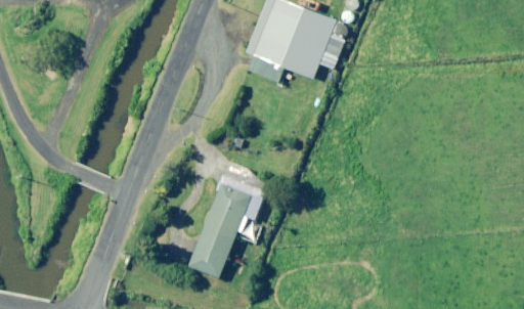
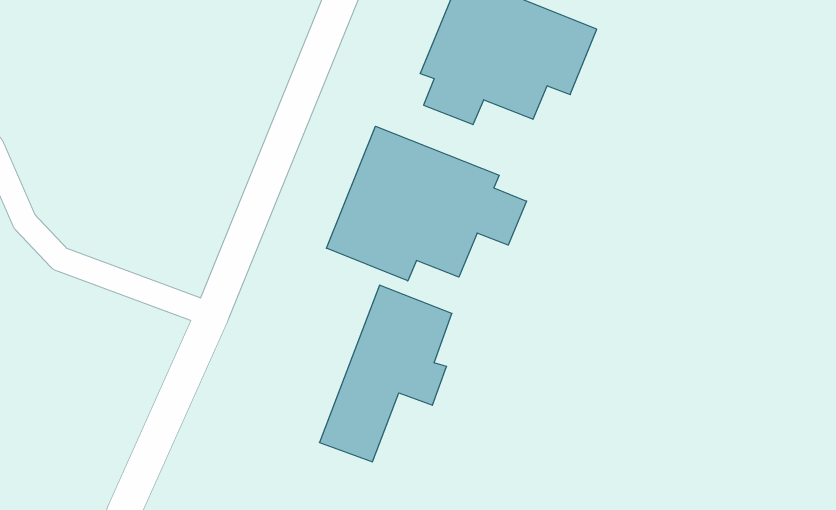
building: none -> [326,126,527,281]

